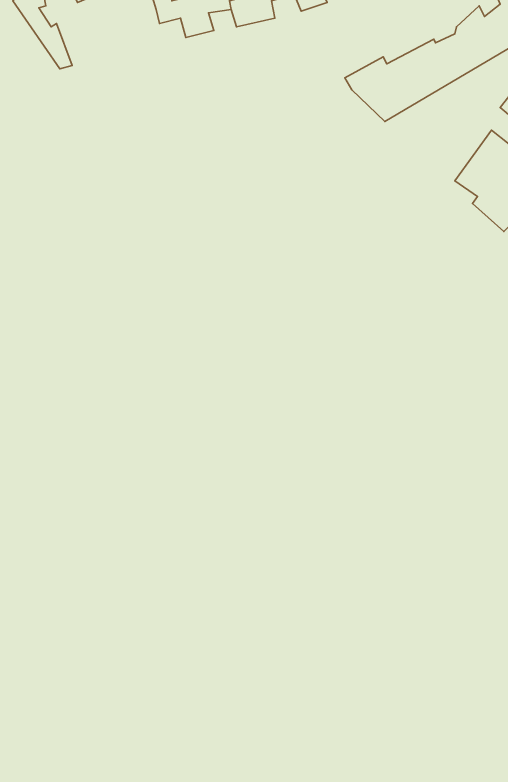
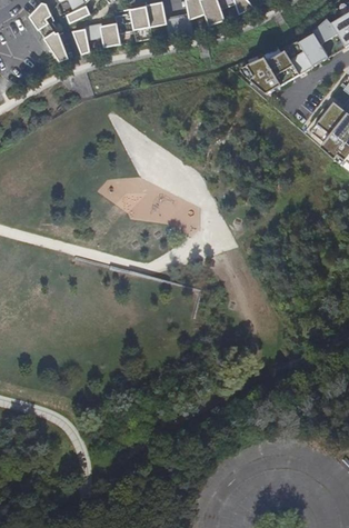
building: none -> [77,21,126,51]

